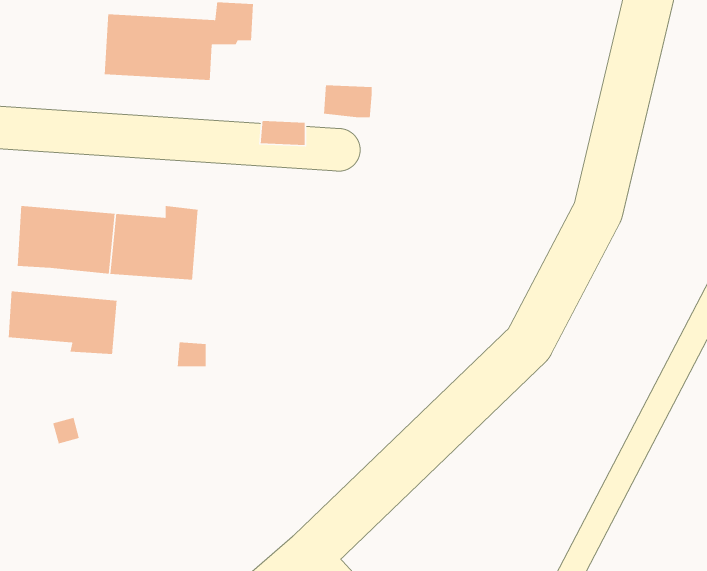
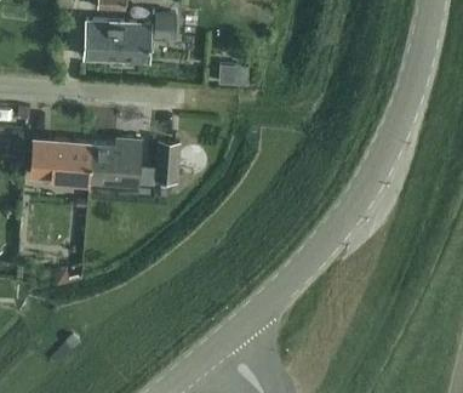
building: none -> [155,142,179,182]
building: [8,291,118,355] -> none

